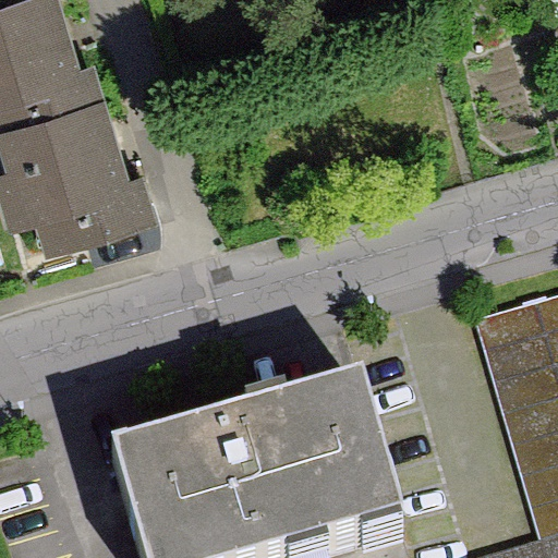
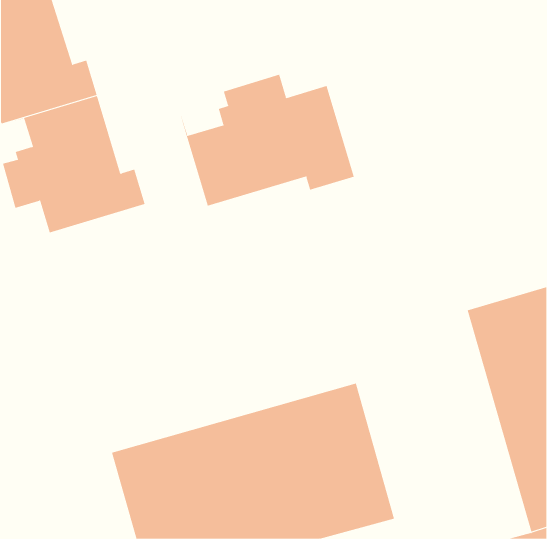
building: none -> [180,74,354,207]

